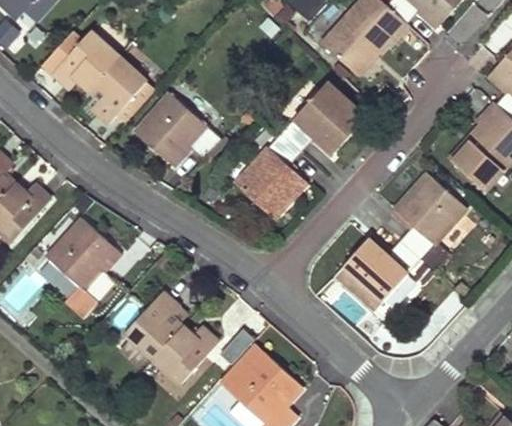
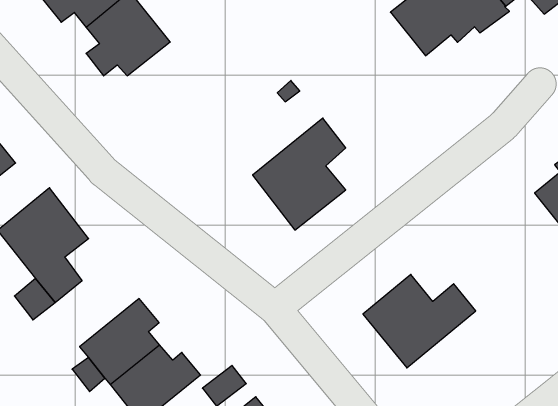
building: [281,81,365,152] -> none
building: [134,93,221,164] -> none
building: [393,173,467,273] -> none

